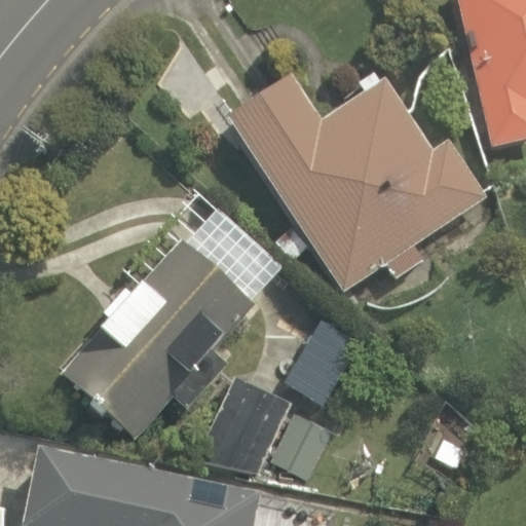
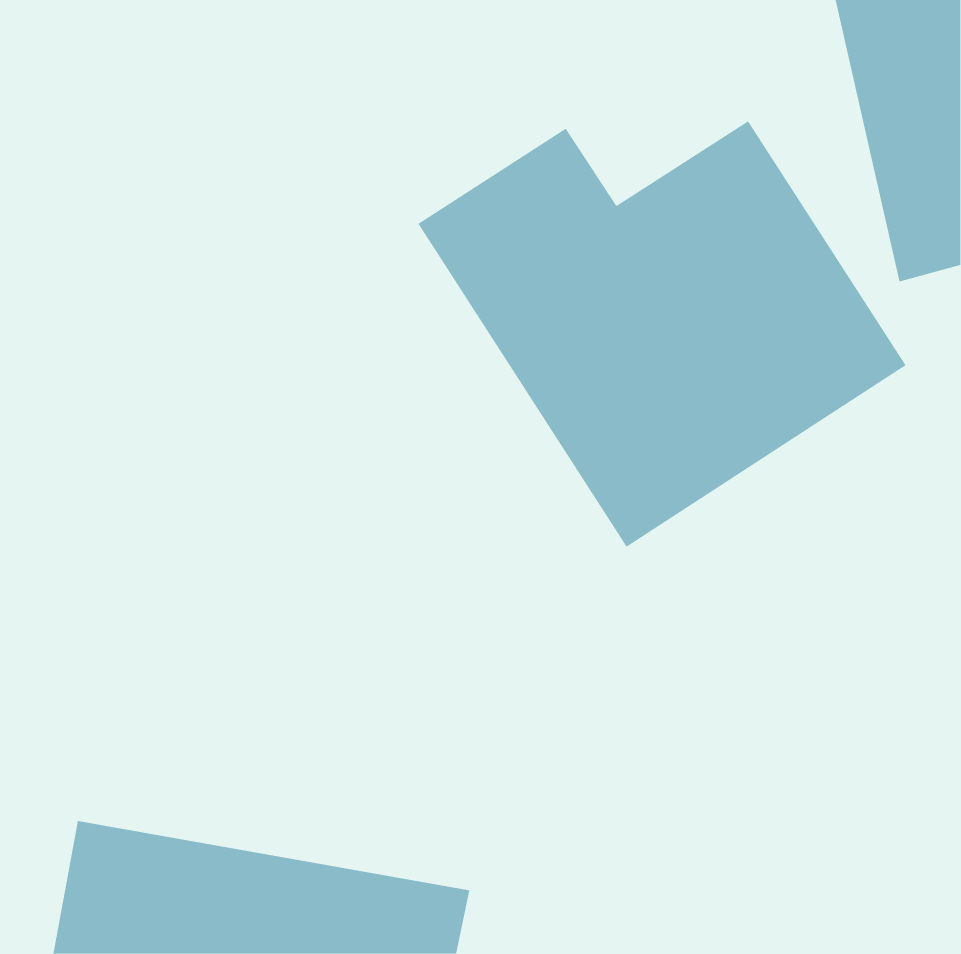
building: [51,238,259,441] -> none
building: [203,369,329,481] -> none

